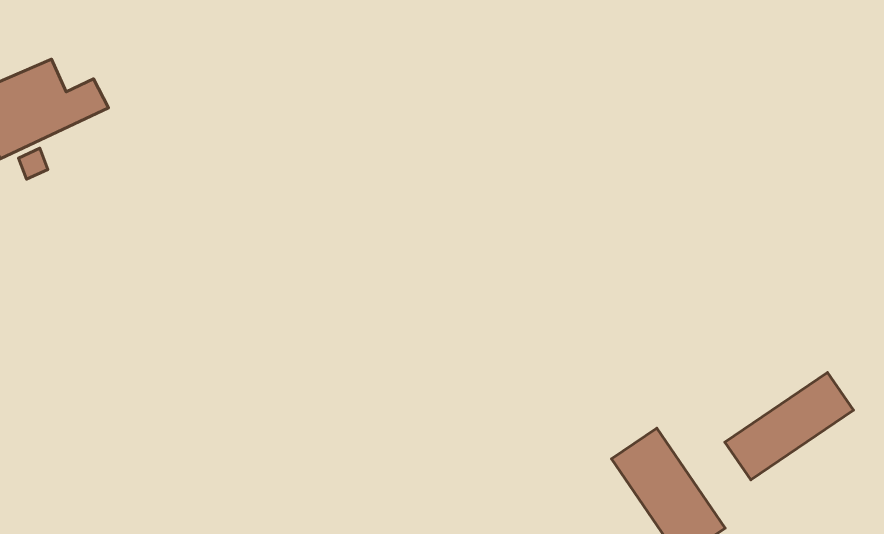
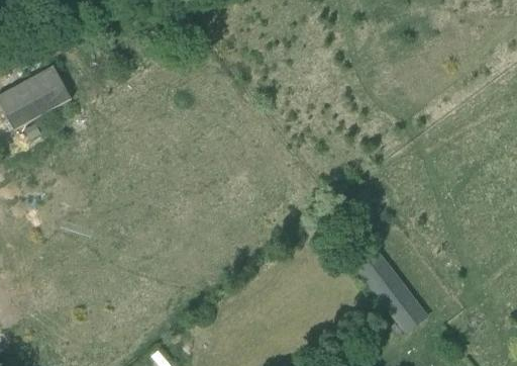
building: [725,372,853,480] -> none

